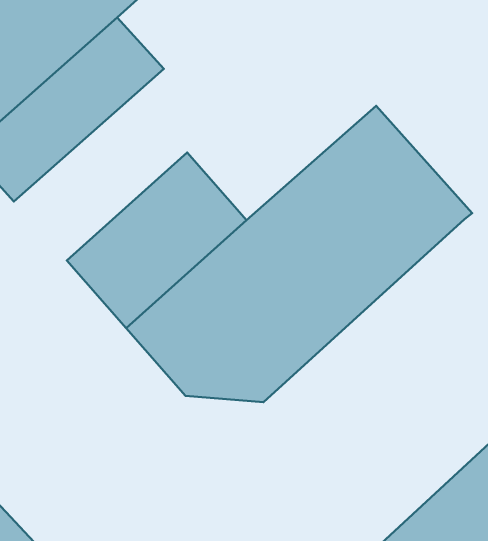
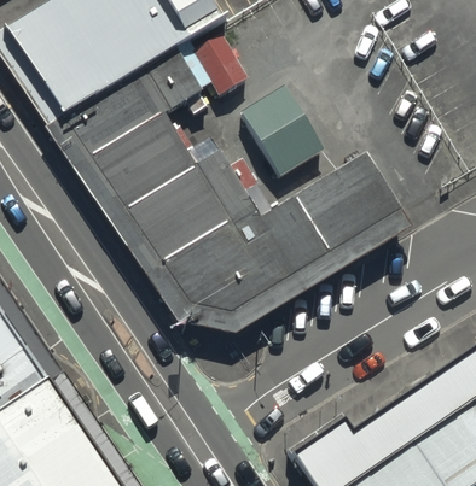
building: none -> [243,82,326,172]
building: none -> [89,104,207,207]

